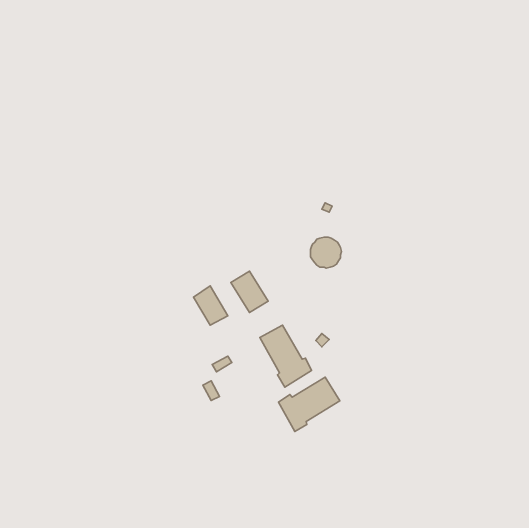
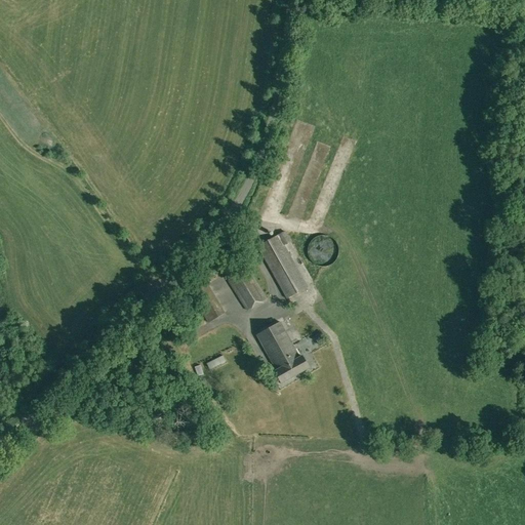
building: none -> [257,231,308,298]
building: [278,377,340,432] -> none

